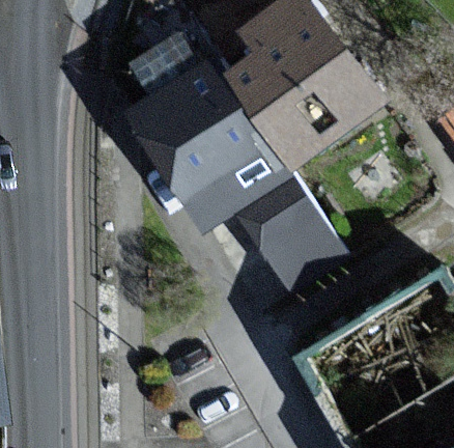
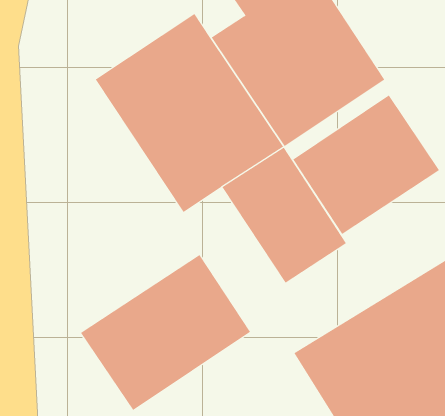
building: none -> [292,95,440,235]
building: none -> [80,254,251,411]

